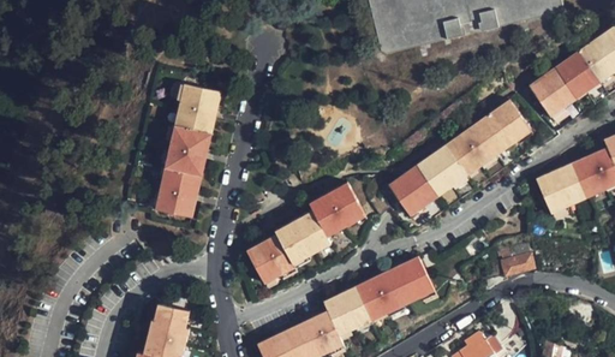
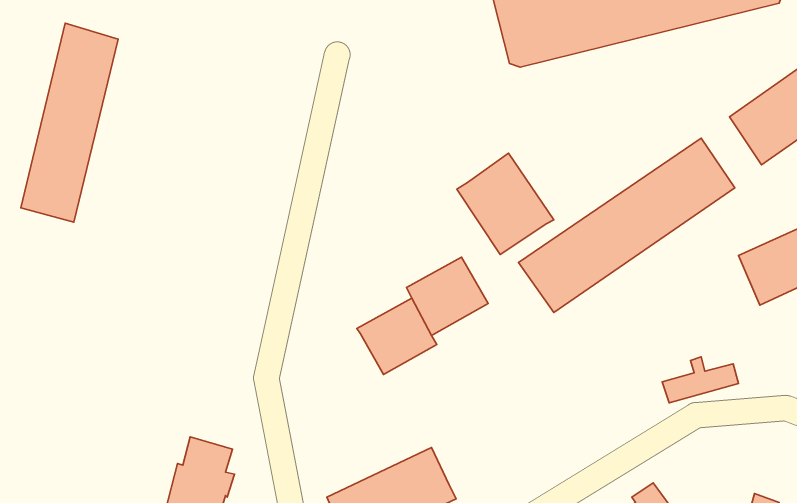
building: [157,84,223,219] -> [21,23,118,222]
building: none -> [457,153,554,255]
building: [245,233,295,284] -> none
building: [322,256,435,335] -> none

